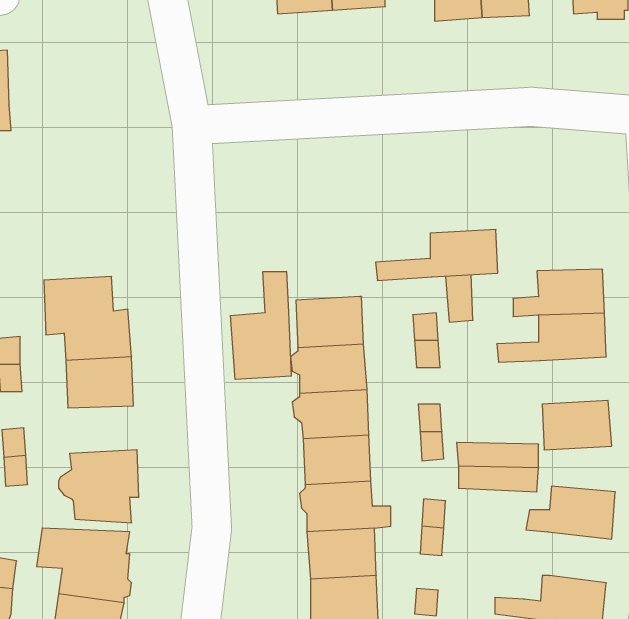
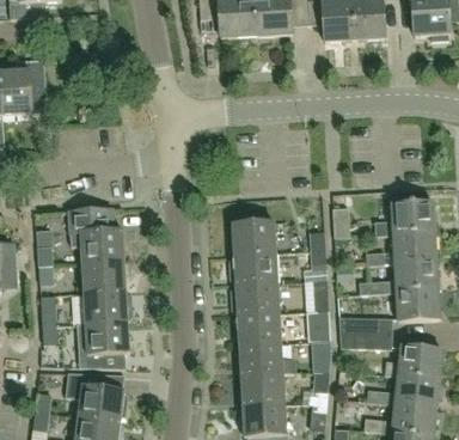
building: [376,229,498,280] -> [357,261,437,294]
building: [230,271,291,379] -> none
building: none -> [84,293,131,324]
building: none -> [367,375,440,409]

